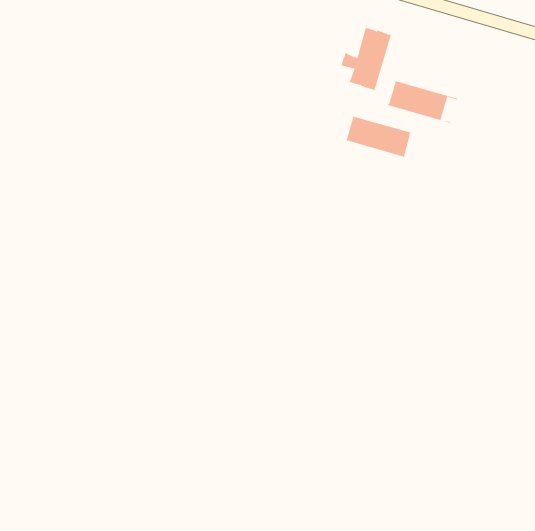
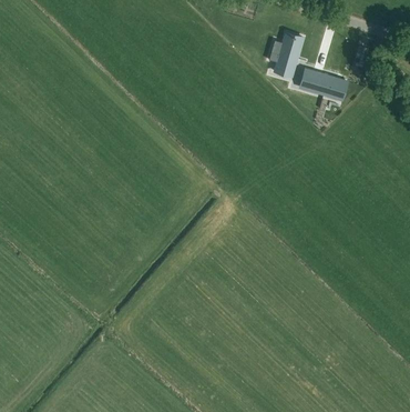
building: [335,113,411,158] -> none

